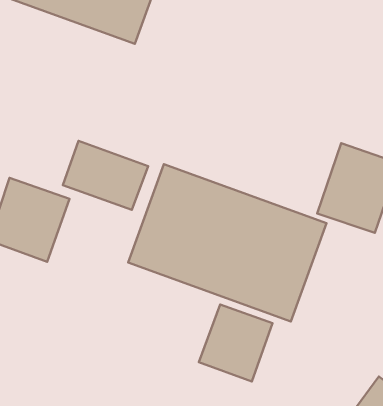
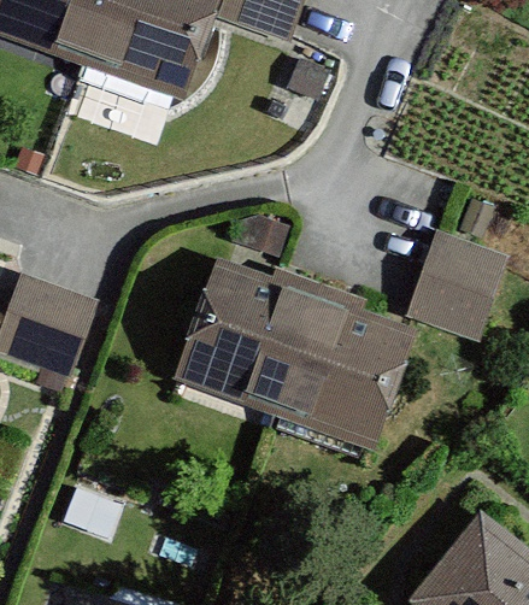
building: [63,141,148,210] -> none
building: [199,305,272,381] -> none

